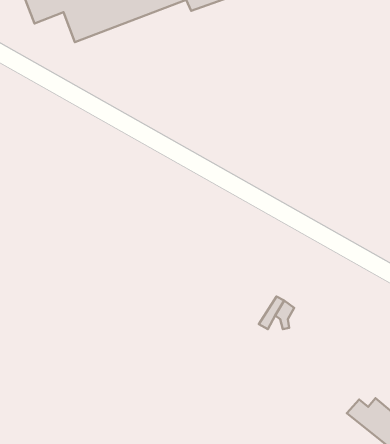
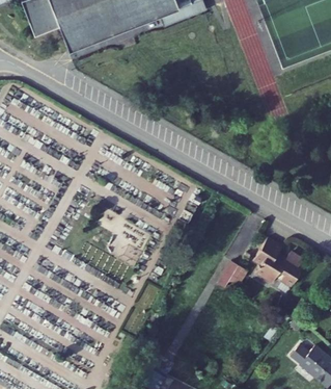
building: none -> [257,240,303,287]

